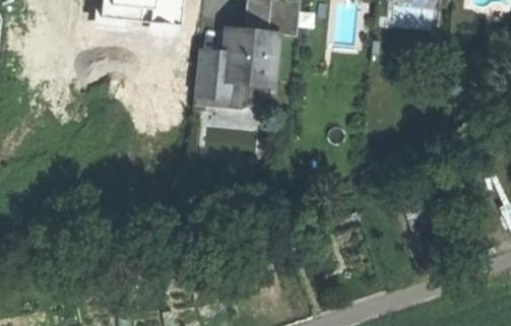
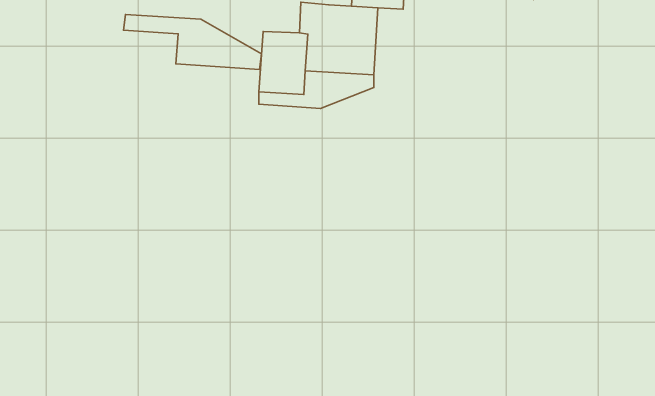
building: none -> [124,14,262,70]

